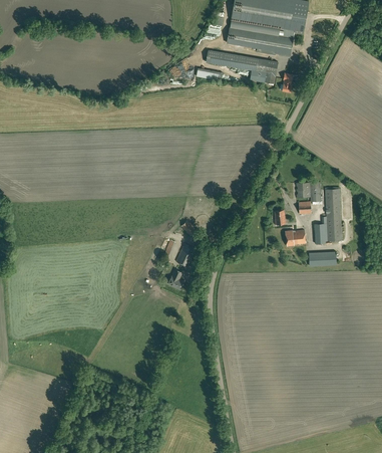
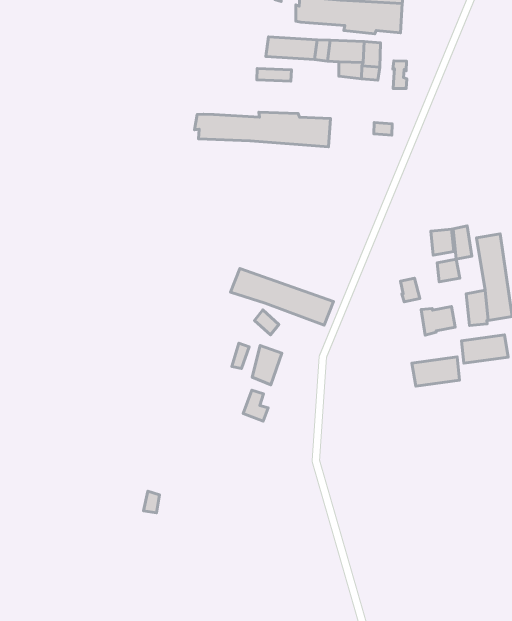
building: none -> [195,112,331,147]
building: none -> [231,268,333,325]
building: none -> [412,357,460,386]

